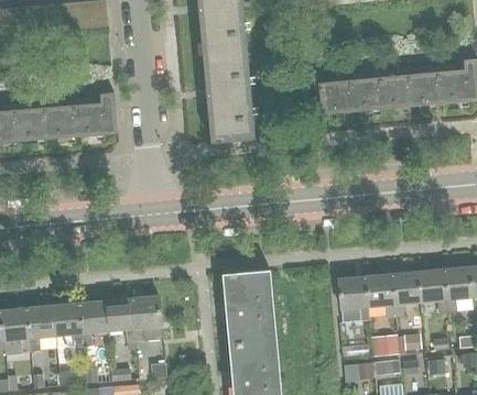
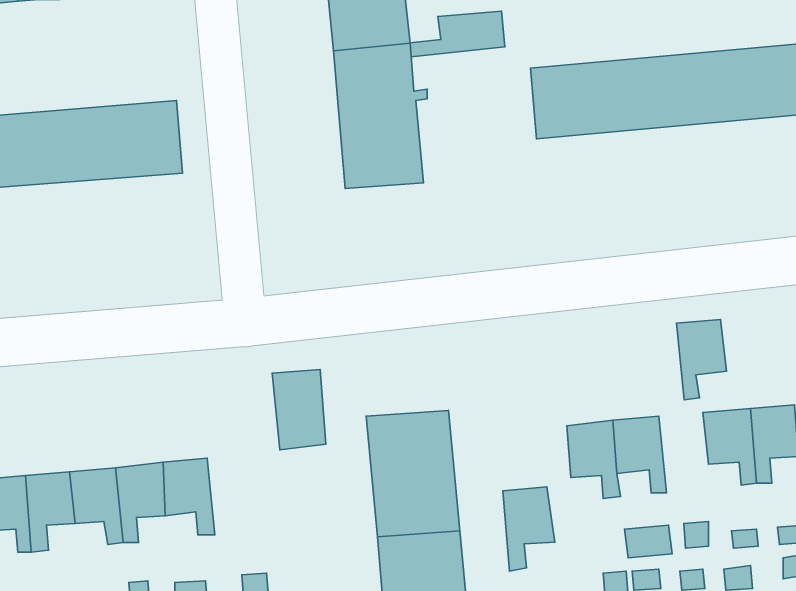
building: none -> [410,11,505,57]
building: [391,272,420,318] -> [677,319,726,400]
building: [131,296,162,342] -> [272,369,326,450]
building: none -> [503,487,555,571]

